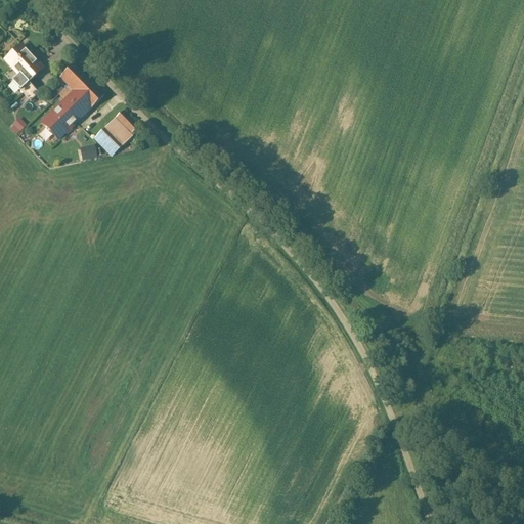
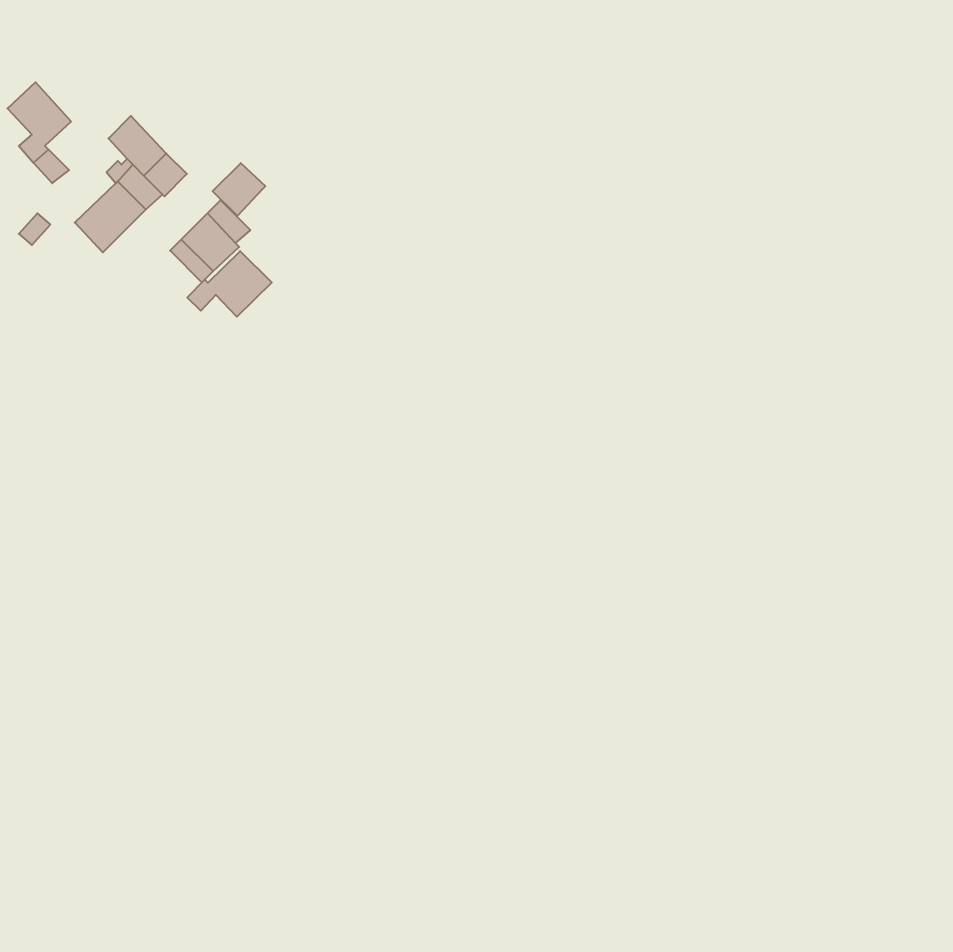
building: none -> [213,163,265,216]
building: none -> [187,251,272,317]

